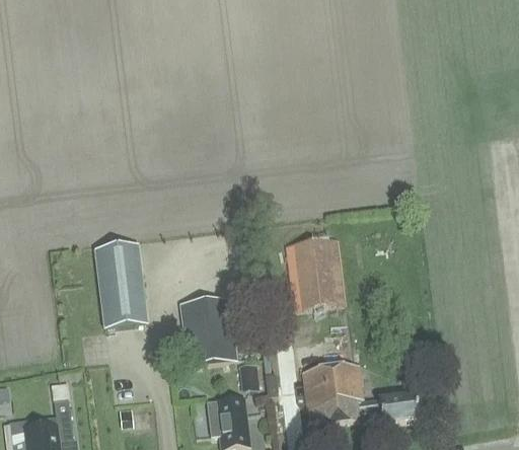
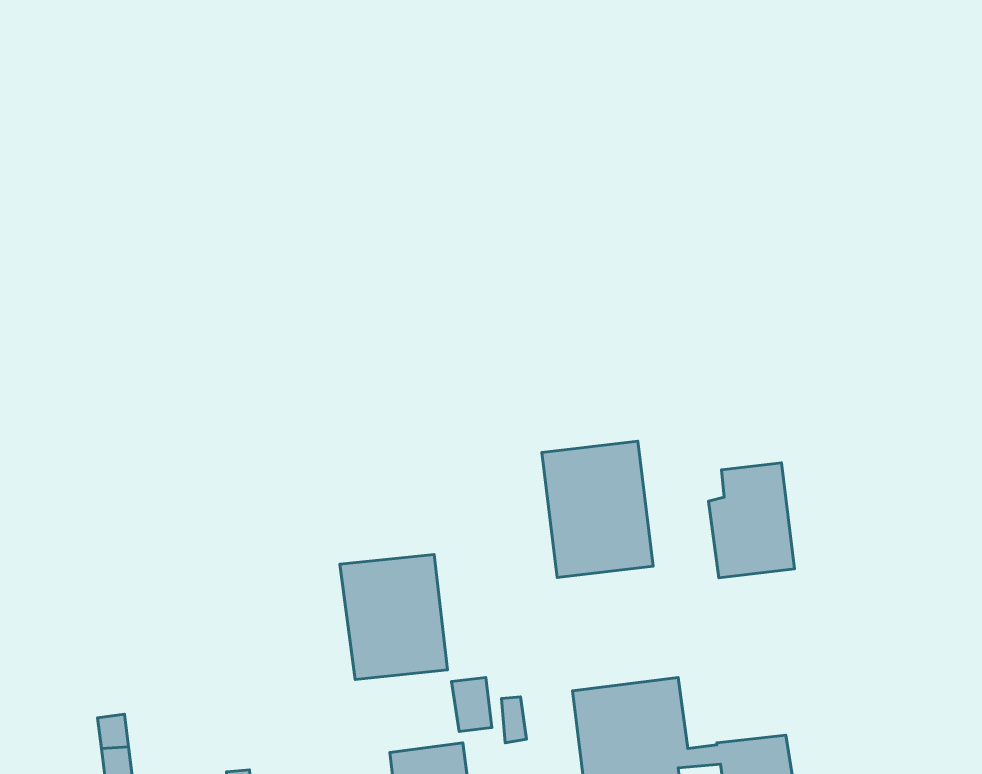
building: [95,241,147,326] -> none
building: none -> [709,463,795,578]

